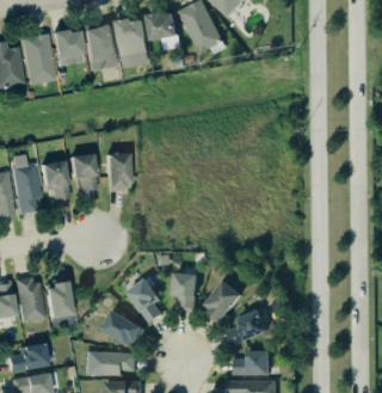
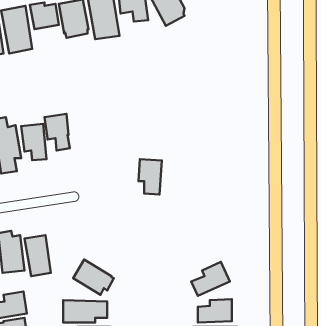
building: [105,151,130,191] -> none
building: [173,274,198,312] -> [139,159,162,195]
building: [125,277,161,323] -> none
building: [204,281,244,321] -> none

